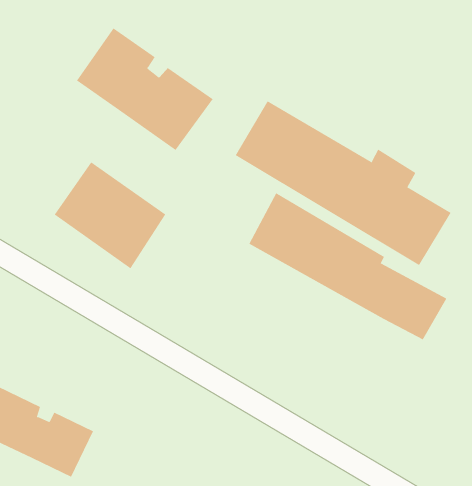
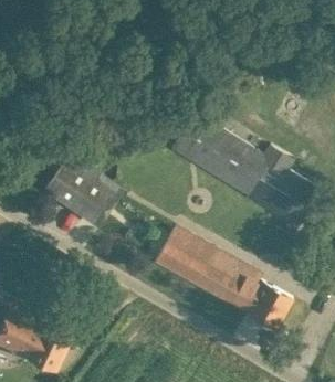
building: [76,27,213,151] -> none
building: [248,193,447,340] -> [157,225,294,327]

